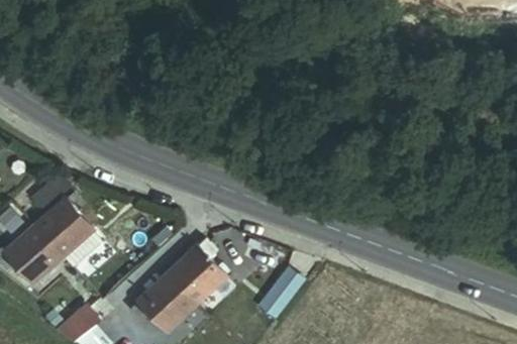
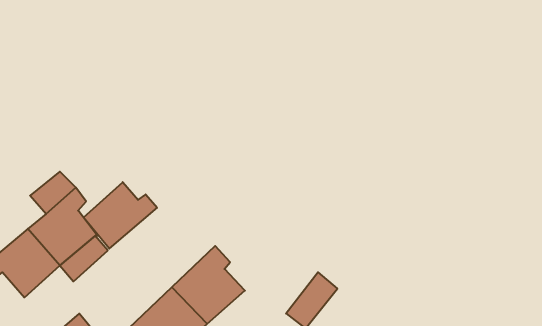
building: none -> [84,182,157,249]

